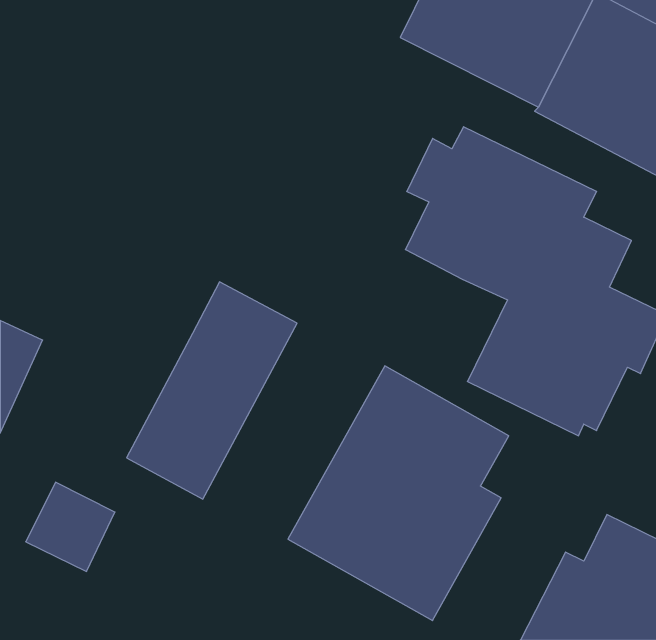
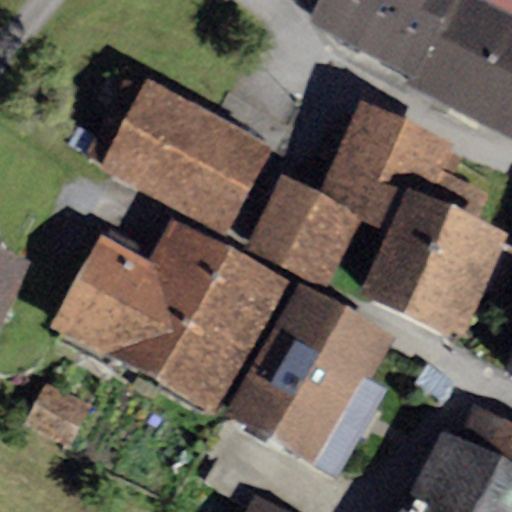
building: none -> [86,74,273,232]
building: none -> [247,175,361,285]
building: none -> [51,231,152,354]
building: none -> [160,250,289,416]

